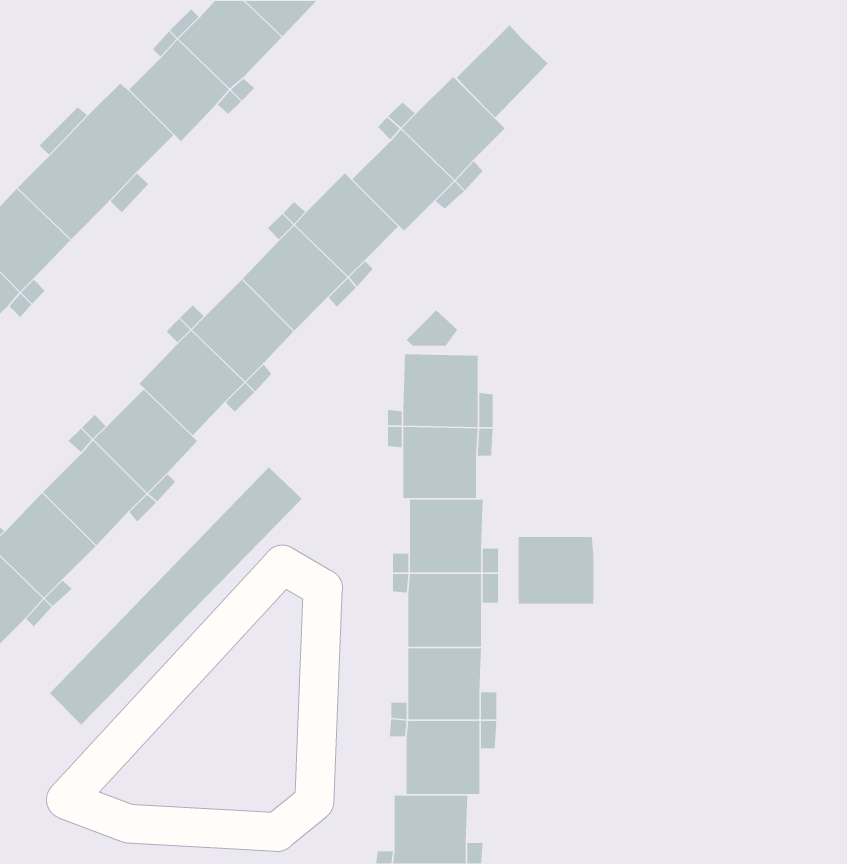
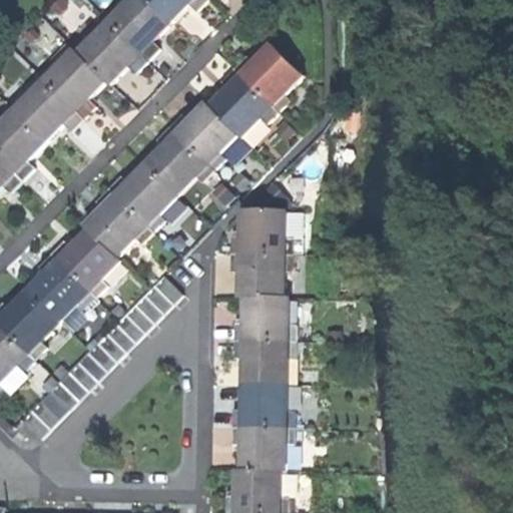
building: [456,24,549,118] -> none
building: [518,536,594,604] -> none

